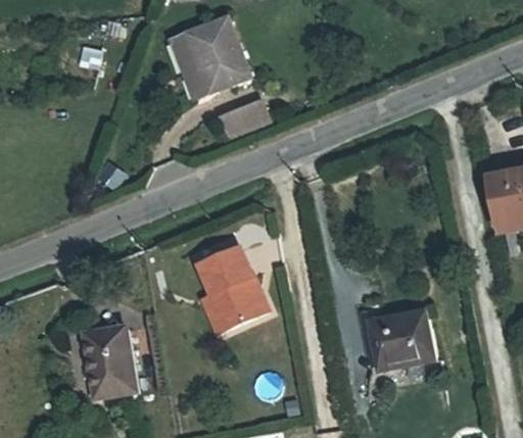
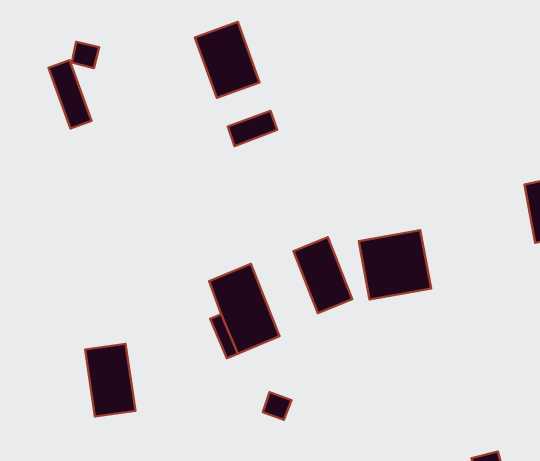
building: [170,36,209,99] -> [49,60,91,128]
building: none -> [294,237,352,313]
building: [367,309,434,374] -> [359,230,431,299]

